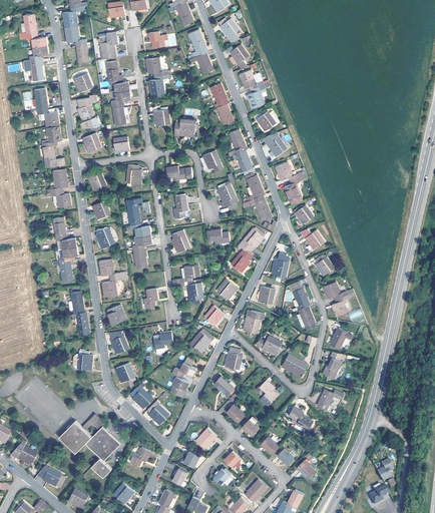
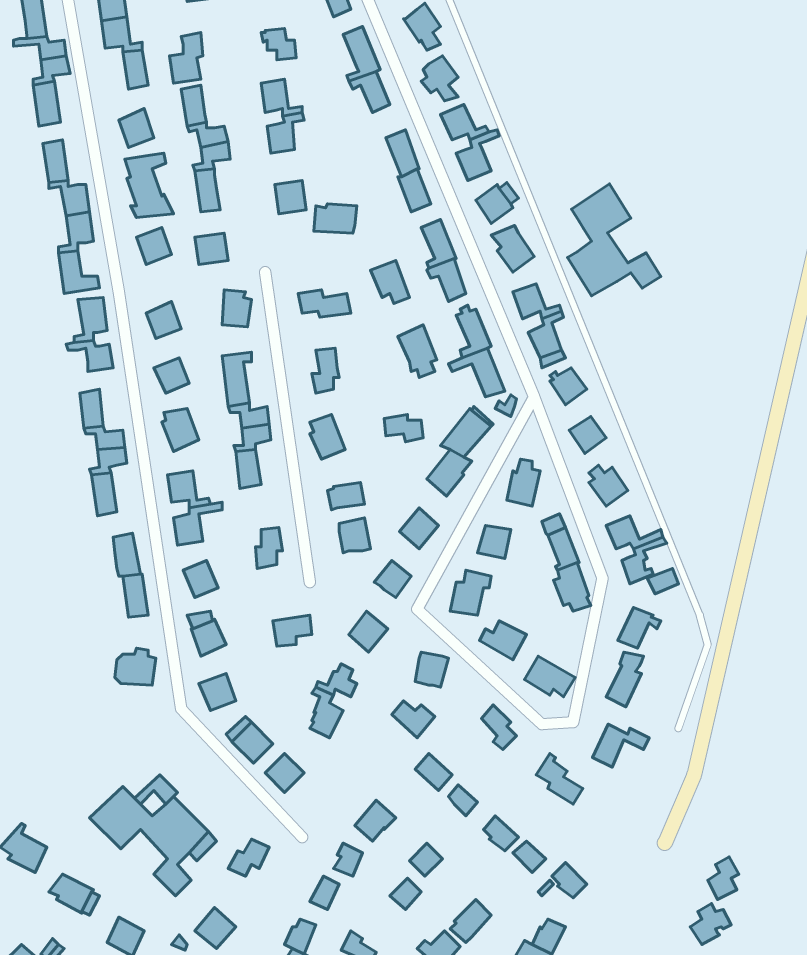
building: none -> [568,184,661,296]

